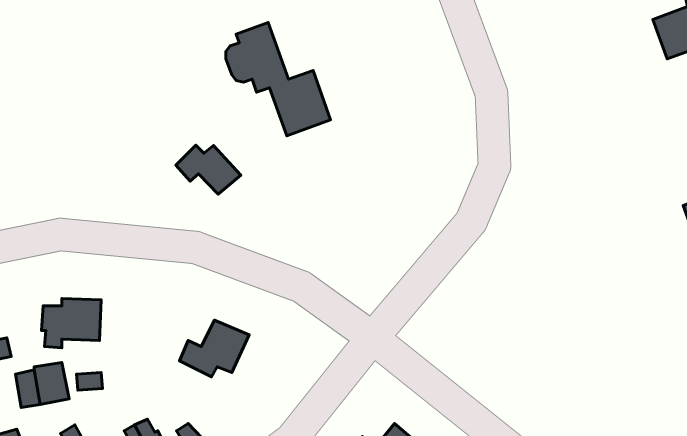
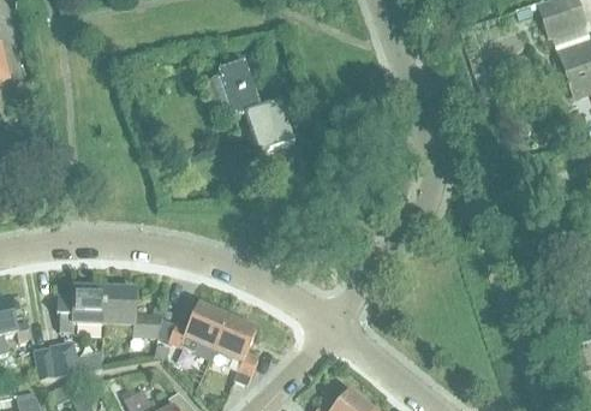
building: [176,145,241,194] -> none
building: none -> [103,287,162,333]
building: none -> [213,316,257,382]

